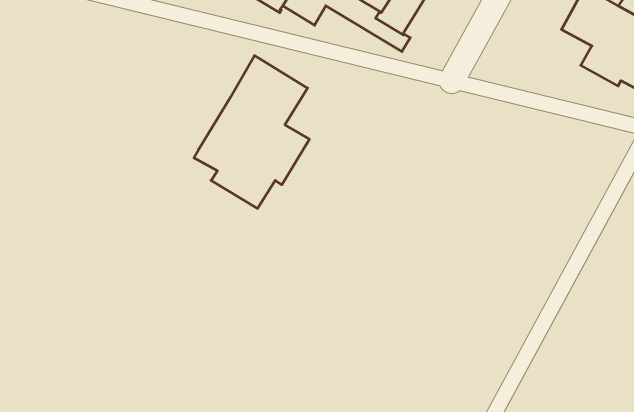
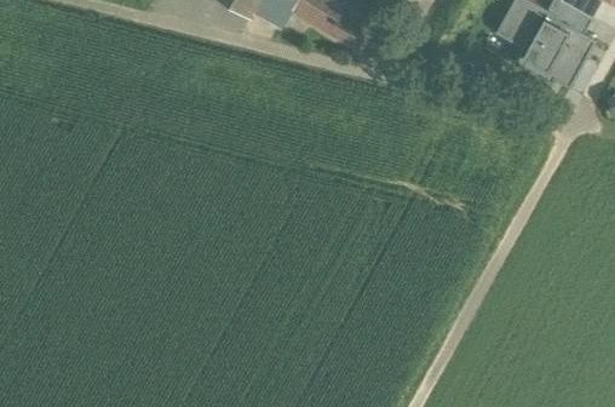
building: [194,56,309,208] -> none

